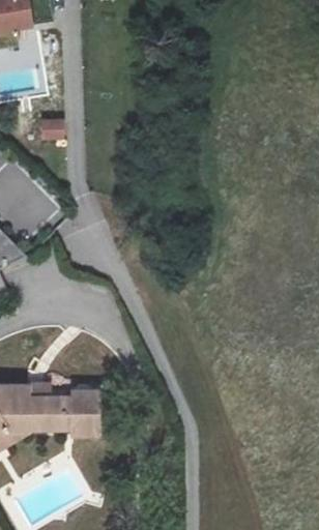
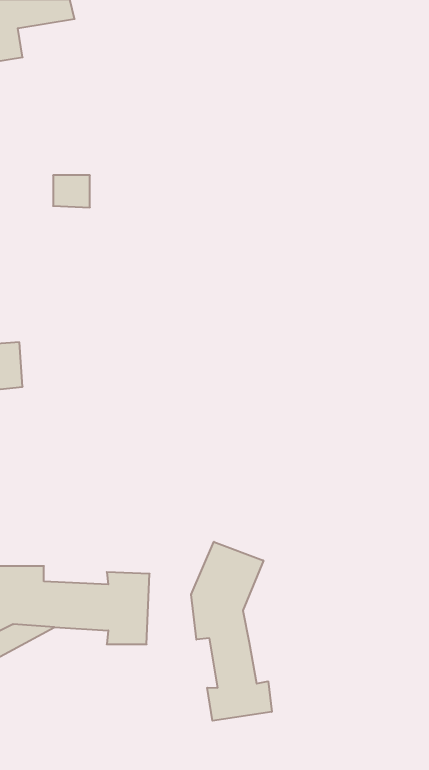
building: none -> [191,542,272,721]

